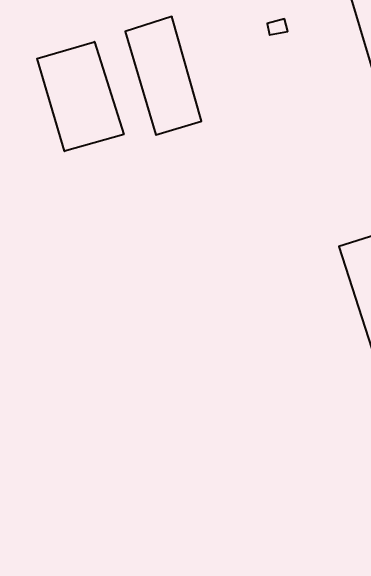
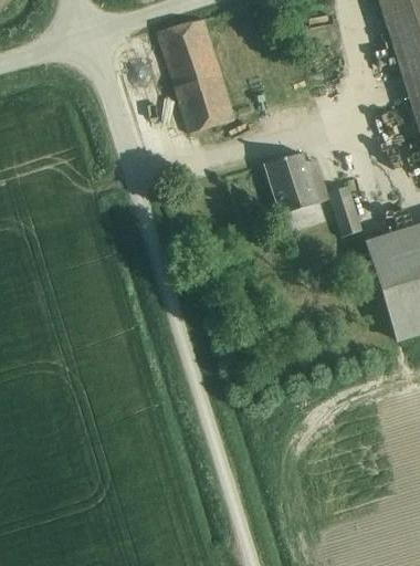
building: [37,42,124,151] -> none
building: none -> [262,150,363,235]

